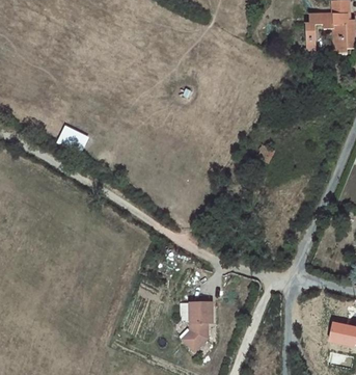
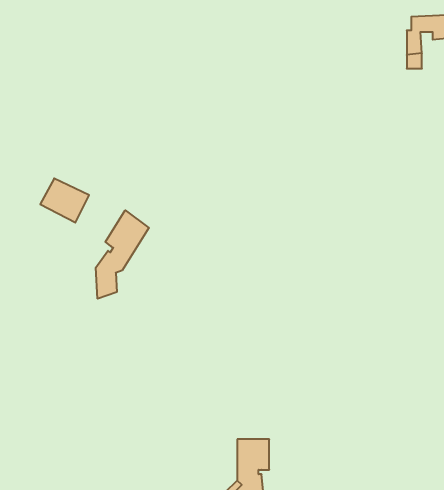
building: none -> [96,210,149,299]

